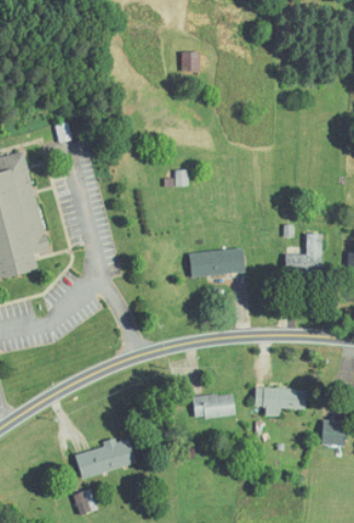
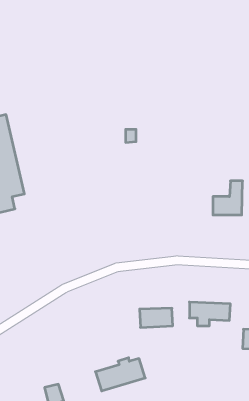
building: [179,51,199,73] -> none
building: [188,248,245,278] -> none
building: [73,438,135,479] -> [95,358,145,391]

